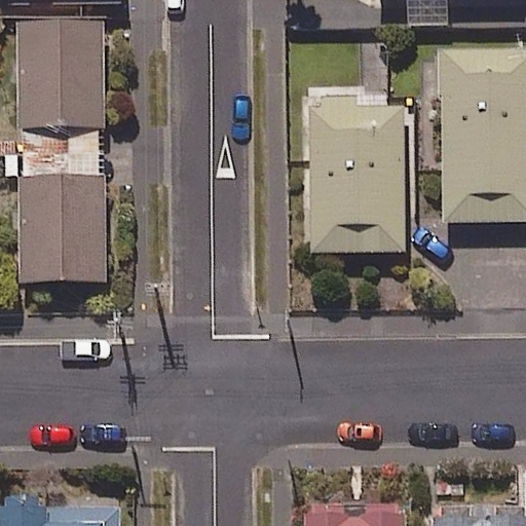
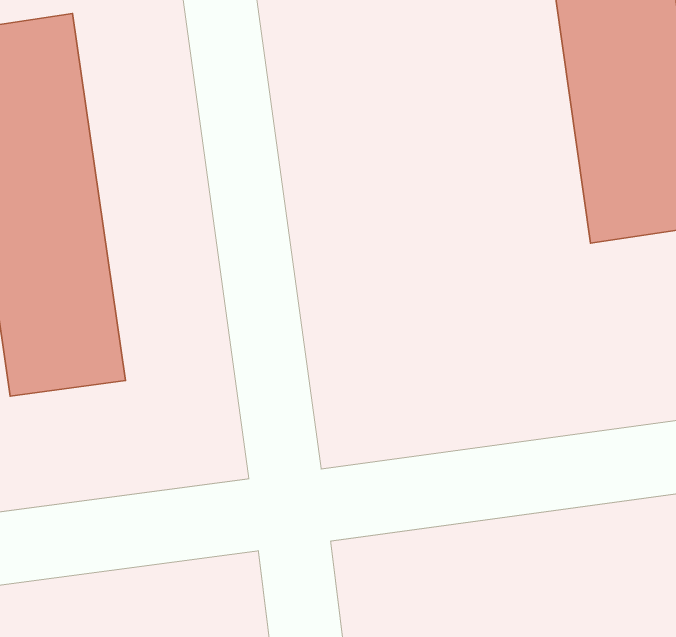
building: [304,99,405,253] -> none

